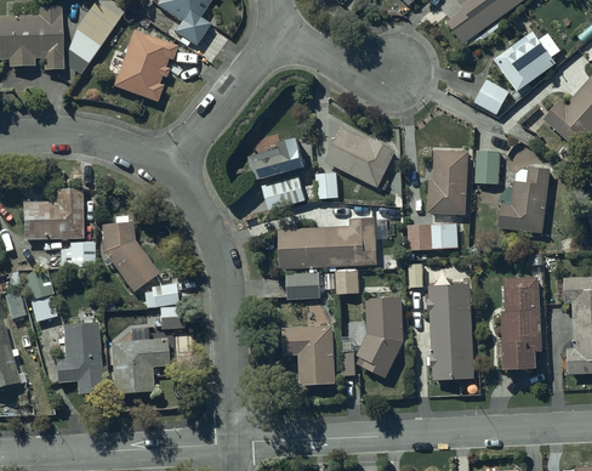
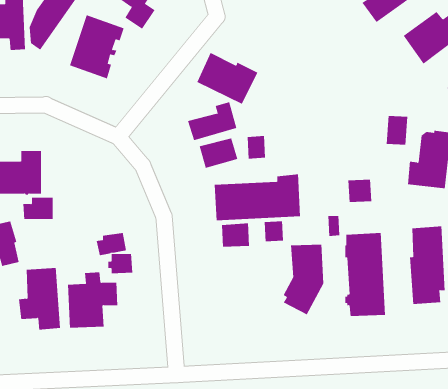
building: [474,76,510,113] -> none
building: [325,126,395,186] -> [196,52,258,104]
building: [427,148,469,212] -> none
building: [101,214,159,290] -> none
building: [406,222,432,249] -> none
building: [283,323,336,382] -> none

